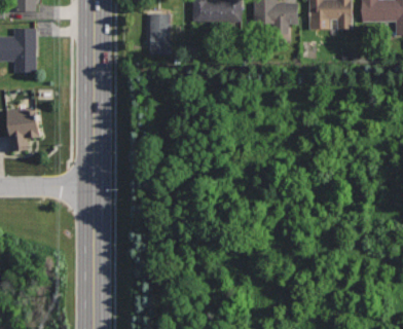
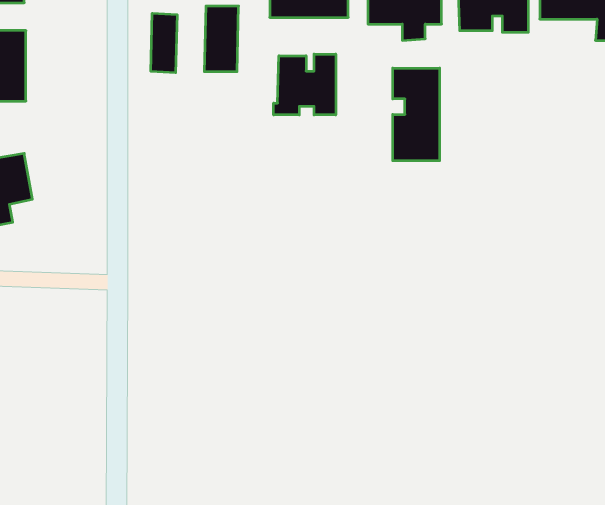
building: none -> [151,13,177,73]
building: none -> [274,54,336,115]
building: none -> [393,68,440,161]

